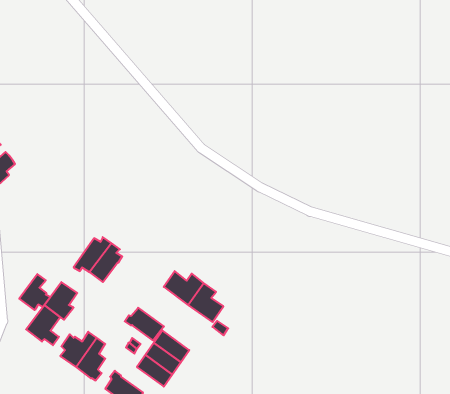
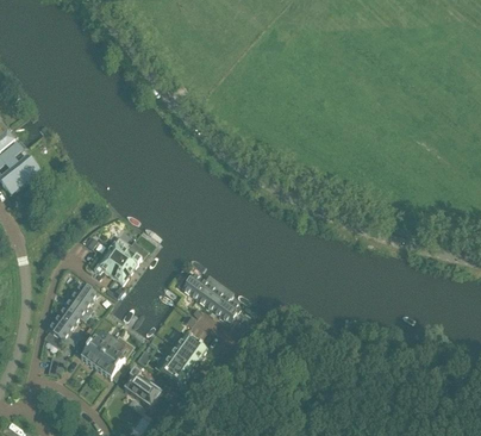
building: [19,274,50,310] -> none
building: [125,308,164,340] -> none

